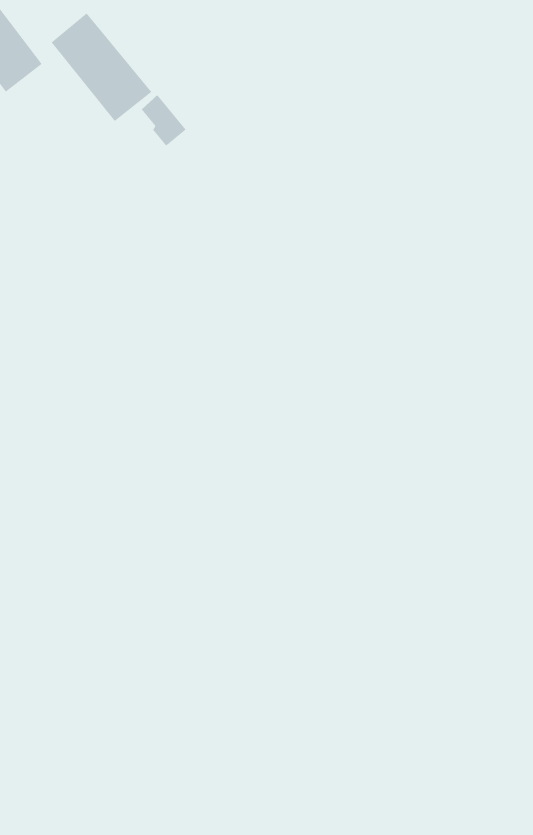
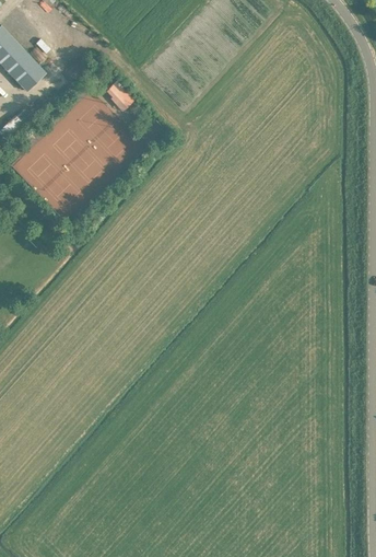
building: [51,12,152,122] -> none

